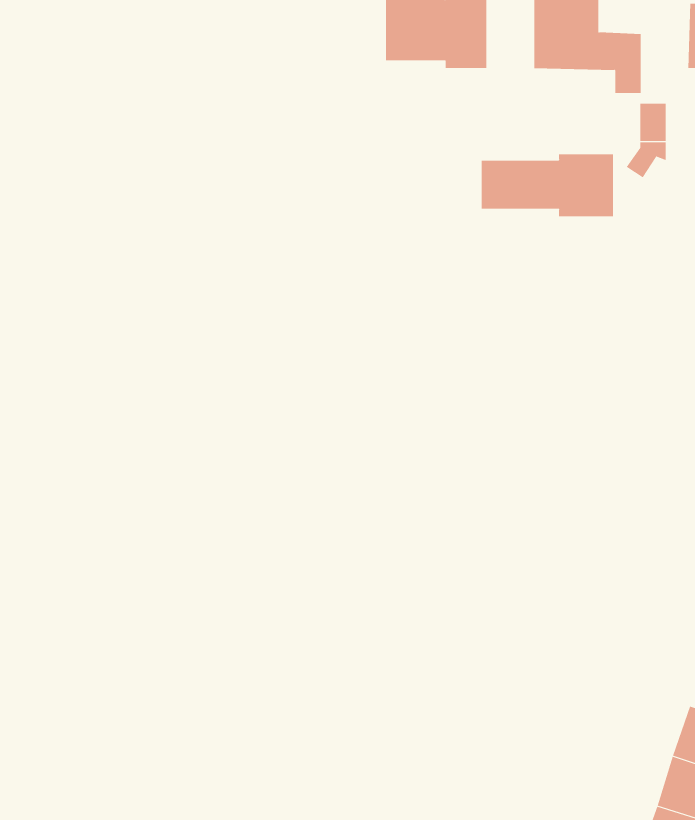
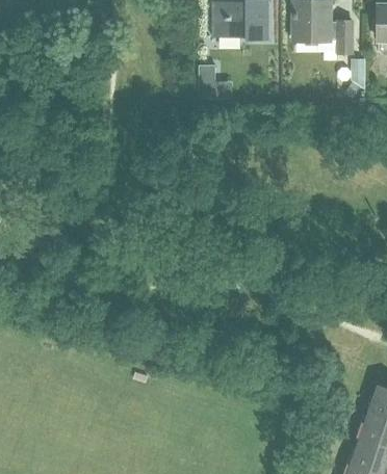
building: none -> [198,65,216,100]
building: [481,153,613,217] -> none

